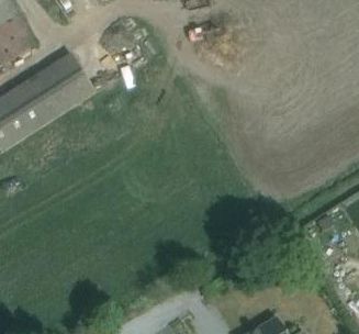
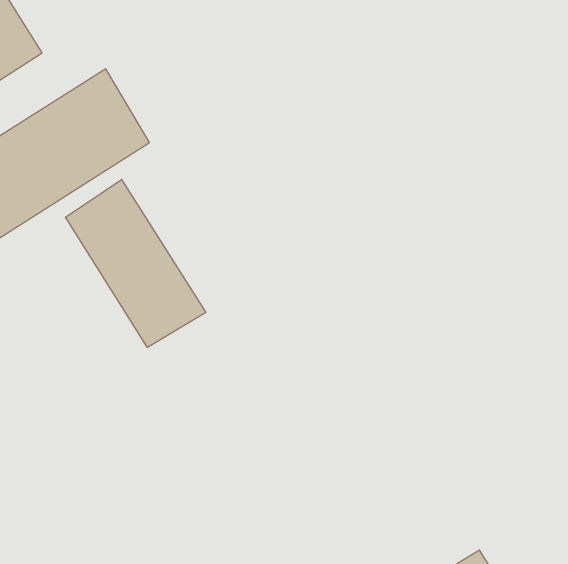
building: none -> [65,179,206,347]

